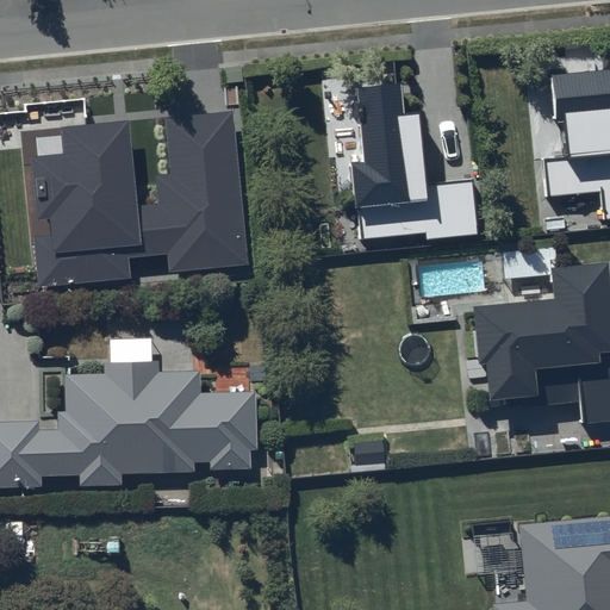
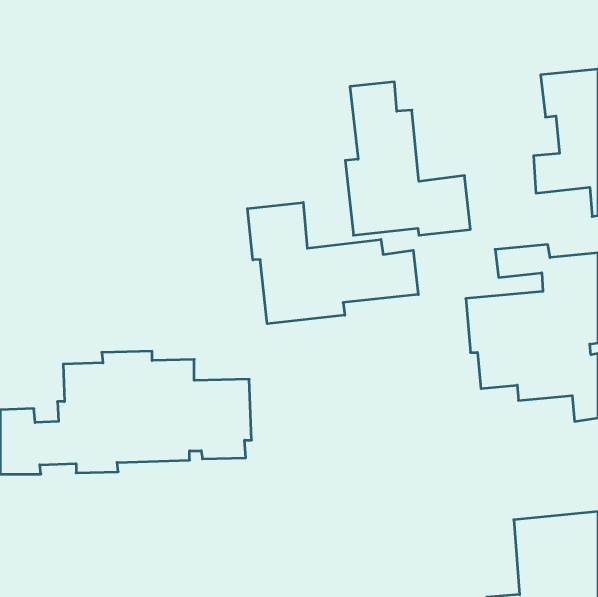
building: [30,113,249,290] -> none
building: none -> [247,202,418,324]

